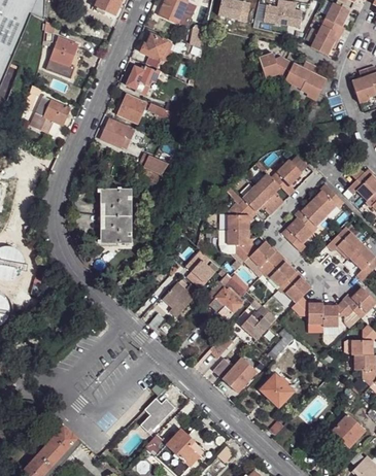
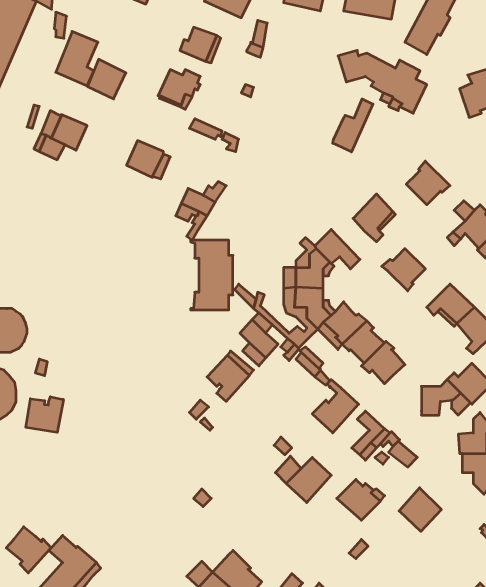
building: none -> [333,99,373,152]
building: [117,94,146,124] -> [88,59,126,99]
building: [254,174,283,209] -> none
building: [310,183,343,216] -> [406,161,450,205]
building: [99,191,131,243] -> [191,240,233,310]
building: [280,217,312,251] -> none
building: [211,288,240,317] -> none
building: [290,297,322,325] -> none
building: none -> [26,397,63,432]
building: [140,398,175,434] -> none
building: none -> [6,527,51,573]
building: [332,414,364,447] -> [399,488,441,531]

